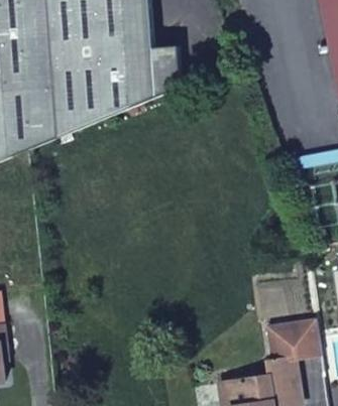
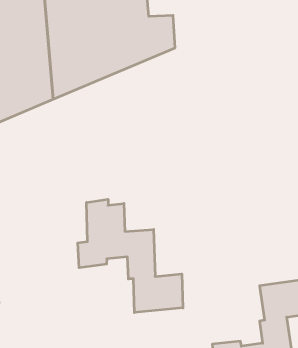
building: none -> [78,199,183,313]

